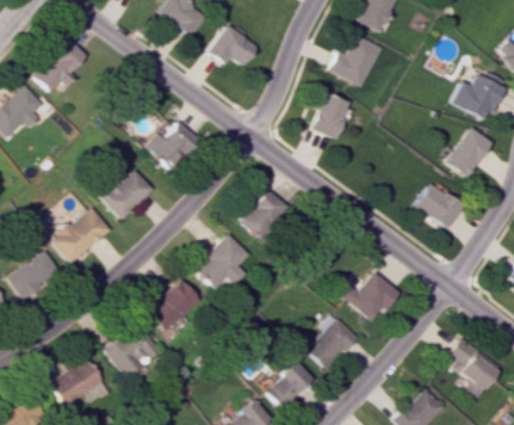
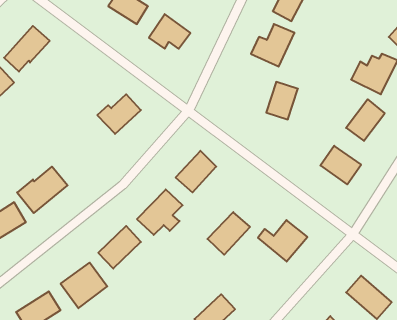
building: [312,93,351,138] -> [266,82,298,119]
building: [95,168,154,220] -> none
building: [308,319,359,370] -> [207,212,250,255]

